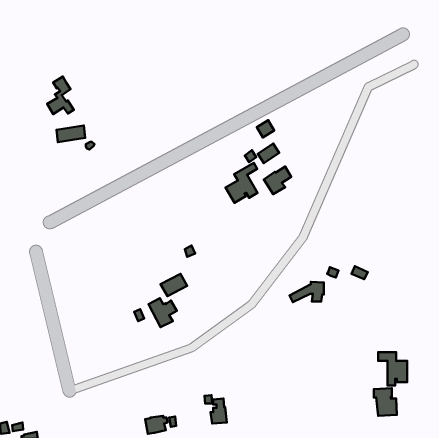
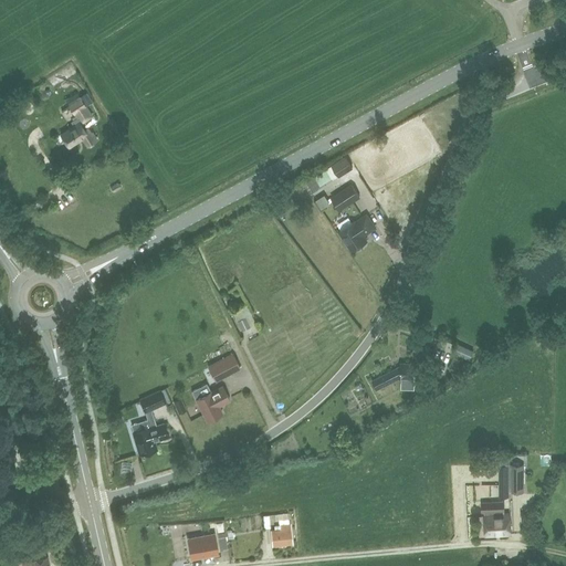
building: [57,125,85,142] -> none
building: [226,163,257,203] -> none
building: none -> [130,390,168,457]

